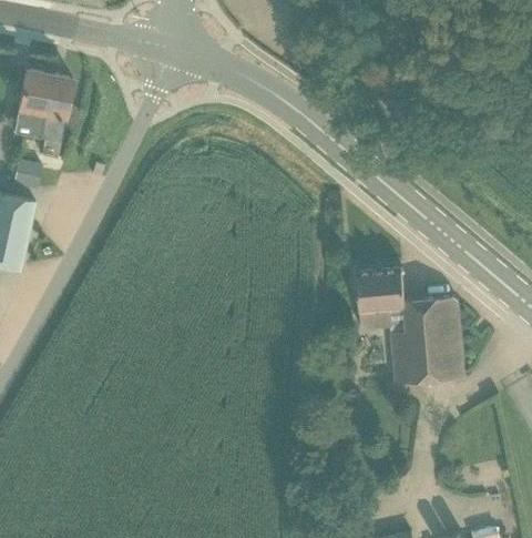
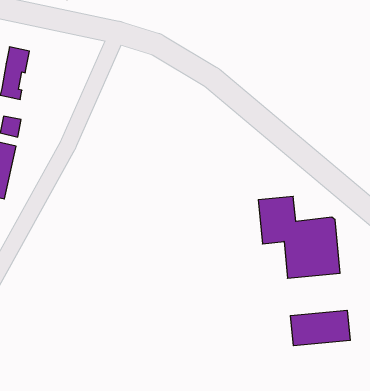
building: [38,74,72,159] -> none
building: none -> [290,310,350,346]

